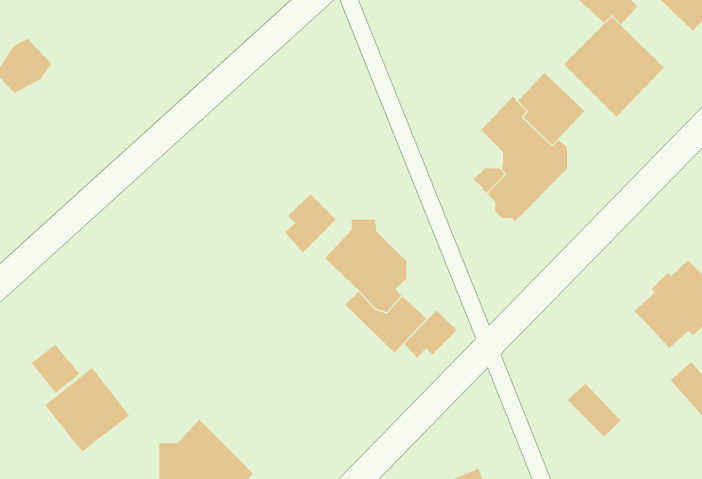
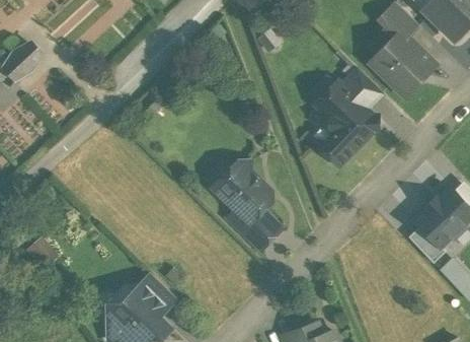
building: [284,194,336,253] -> none
building: [404,310,458,359] -> none
building: [44,367,130,453] -> none
building: [567,383,621,437] -> [407,227,443,263]
building: none -> [134,275,174,316]

